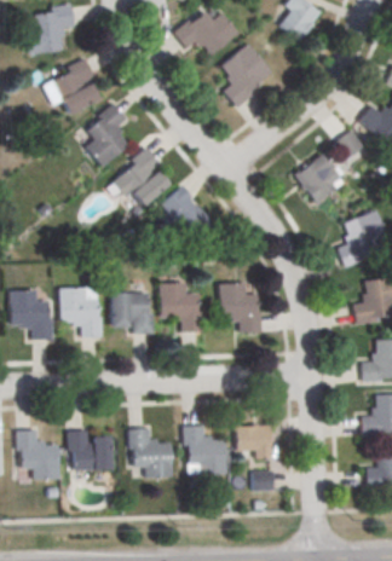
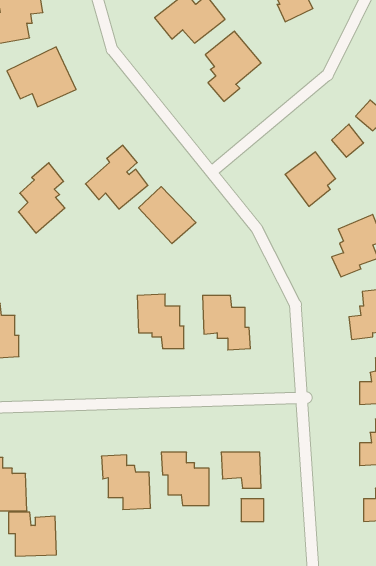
building: [86,102,128,166] -> [18,163,65,233]
building: [59,288,103,337] -> none
building: [110,291,154,334] -> none
building: [68,430,111,470] -> [9,512,56,556]

